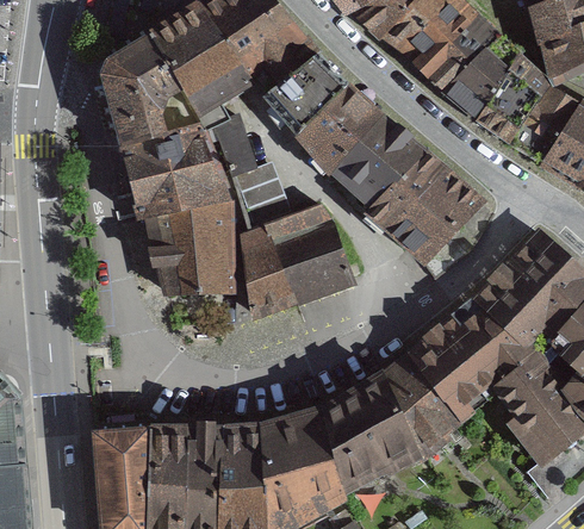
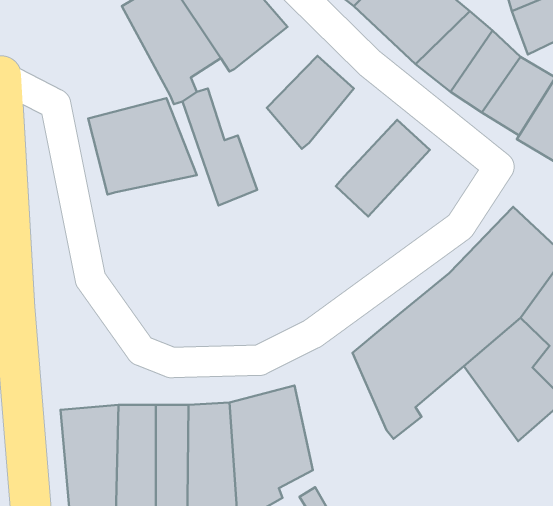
building: [102,35,201,145] -> none
building: [265,55,347,135] -> none
building: [338,116,425,203] -> none
building: [397,176,485,267] -> none
building: [148,201,228,292] -> none
building: [241,204,352,311] -> none
building: [324,376,415,492] -> none

